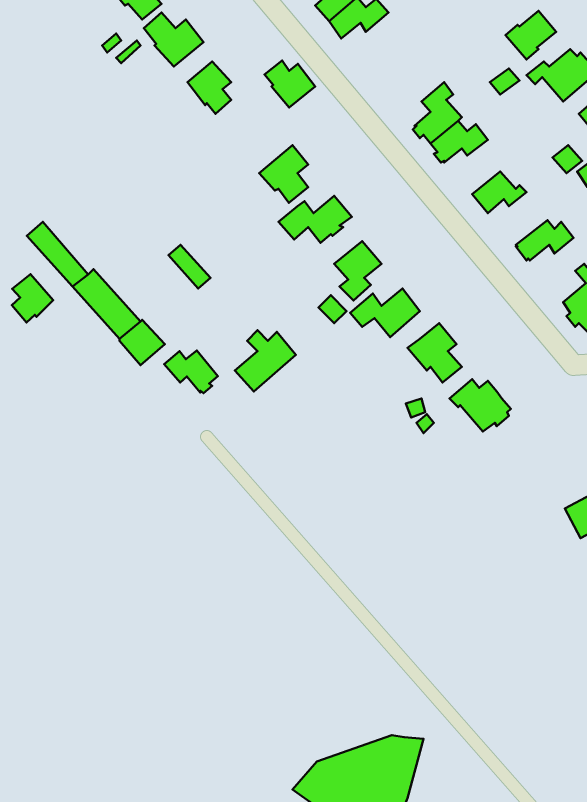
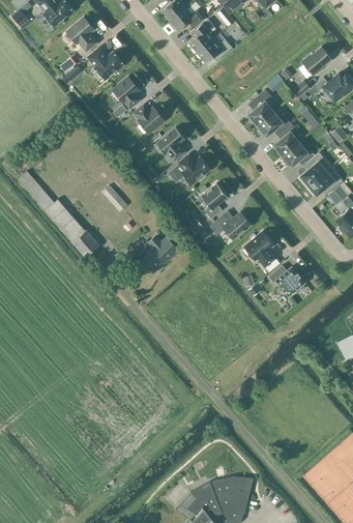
building: [265,60,315,108] -> [134,105,164,133]
building: none -> [272,123,298,155]
building: none -> [300,152,326,185]
building: [12,274,53,322] -> none
building: [164,350,218,393] -> none

